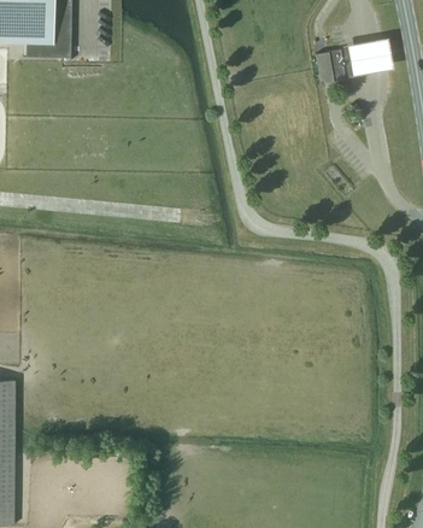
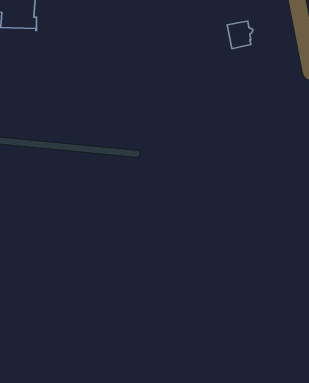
building: [342,41,386,77] -> none

